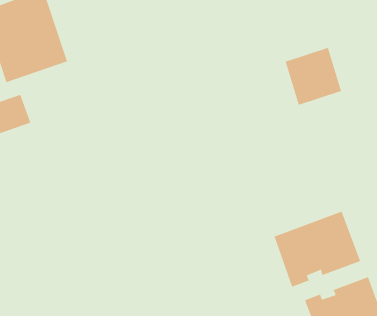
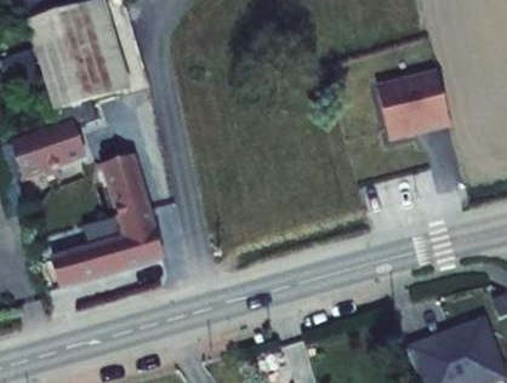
building: none -> [55,145,163,278]
building: [274,211,361,287] -> none

